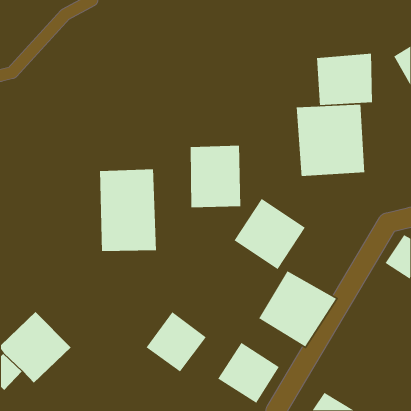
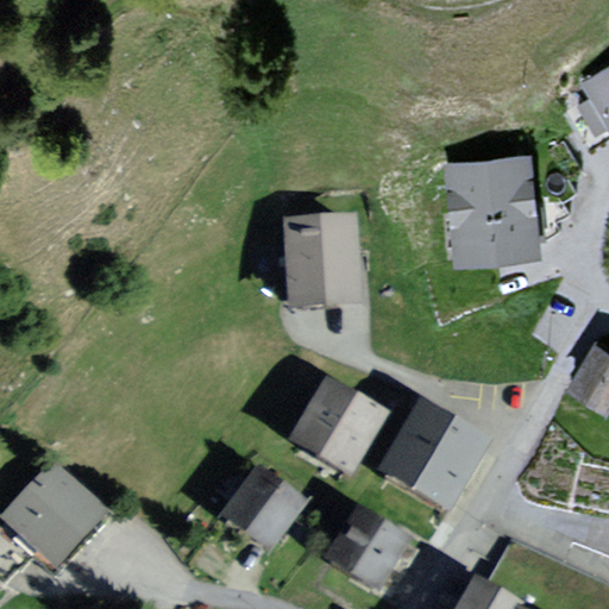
building: [316,53,373,106] -> none
building: [99,169,157,252] -> none
building: [233,198,306,270] -> [294,372,401,479]

